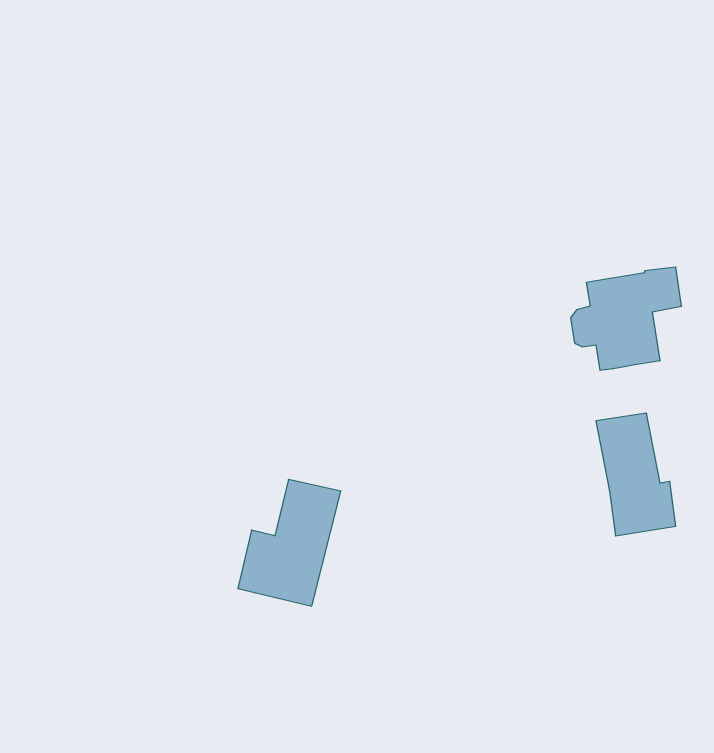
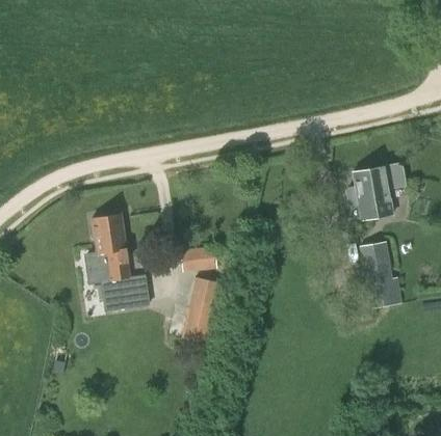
building: none -> [92,214,150,310]
building: none -> [181,245,216,271]

